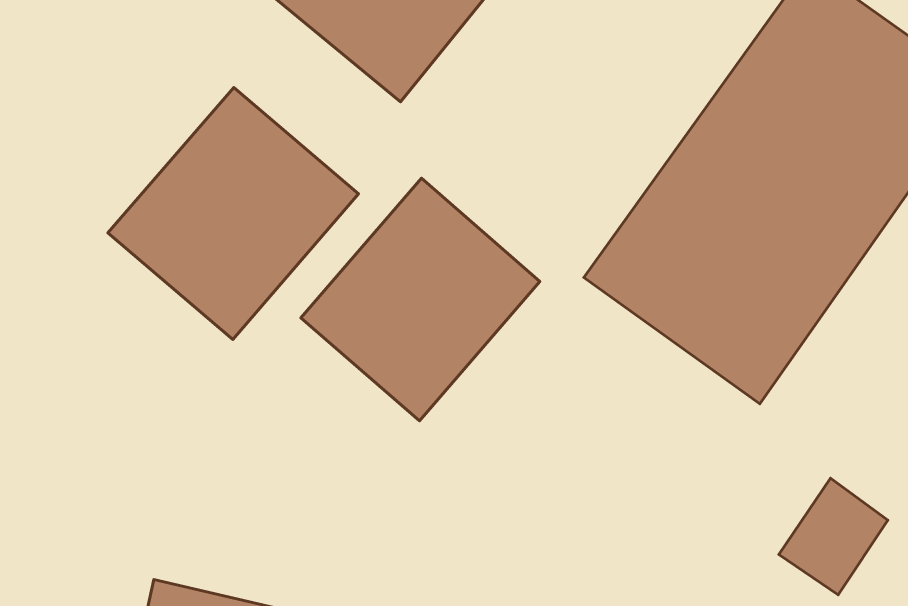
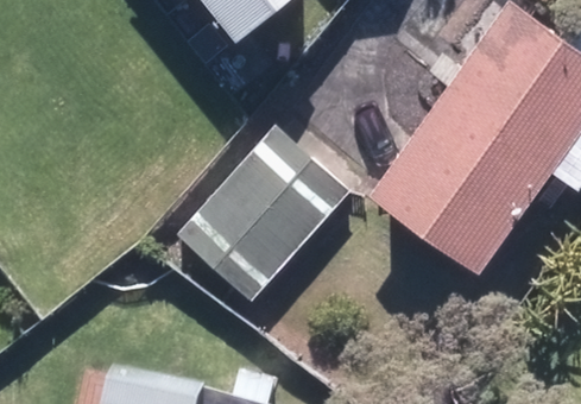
building: [108,87,358,340] -> none

